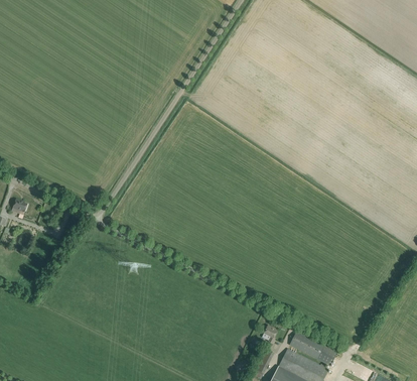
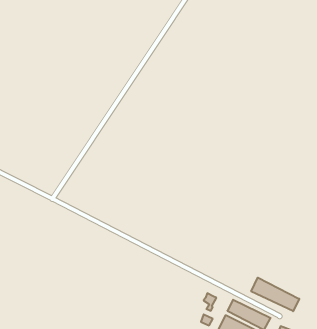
building: none -> [251,278,299,311]

